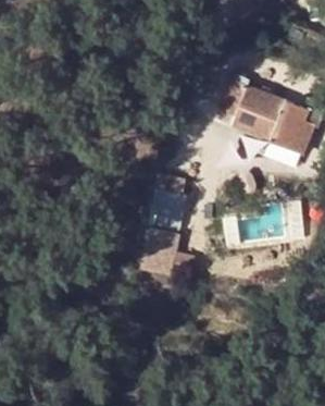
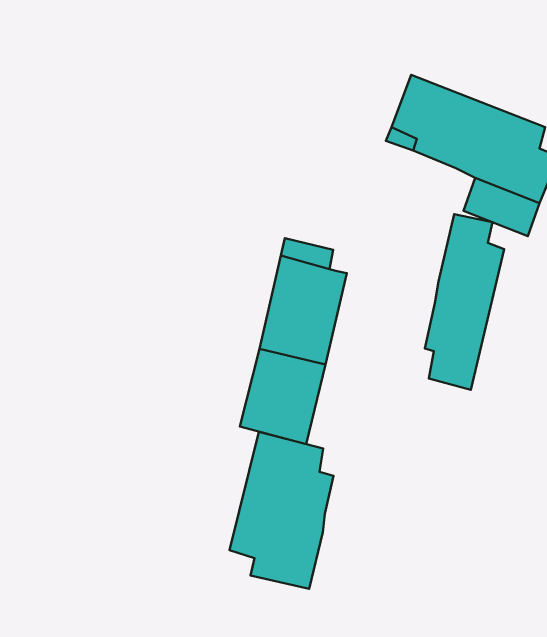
building: none -> [425,214,504,390]
building: none -> [230,432,334,589]

